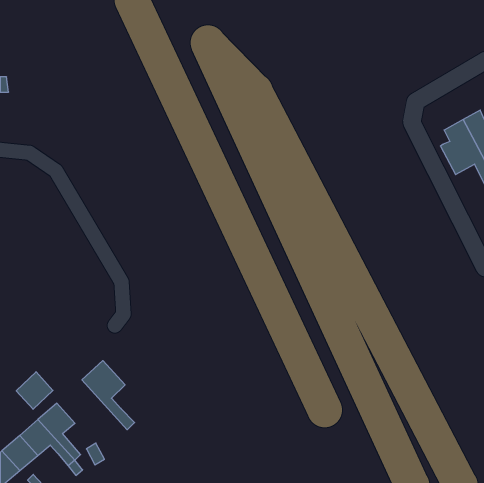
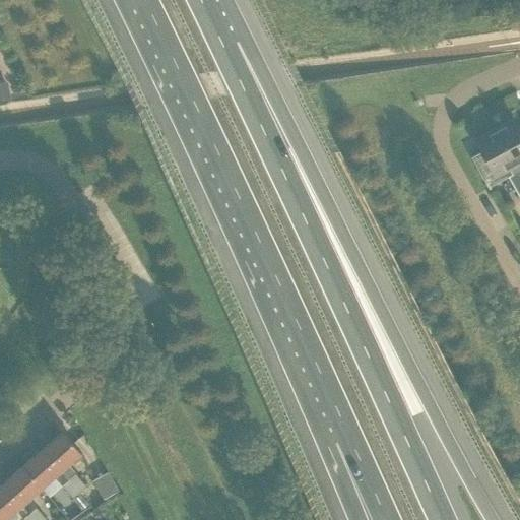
building: [82,361,135,430] -> none
building: [16,372,53,409] -> none

